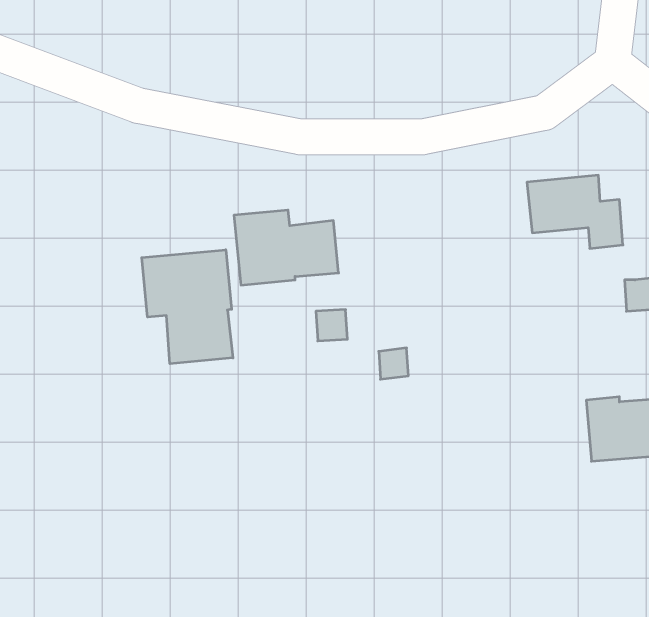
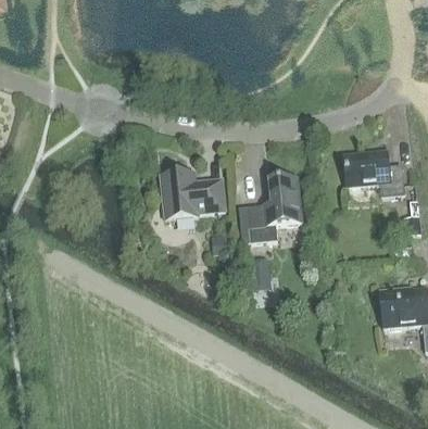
building: none -> [238,177,301,243]
building: [142,250,233,364] -> none

